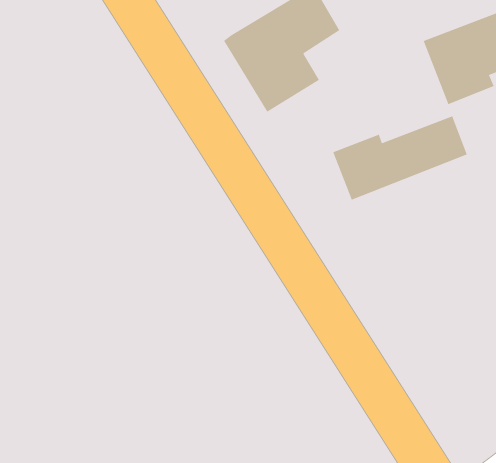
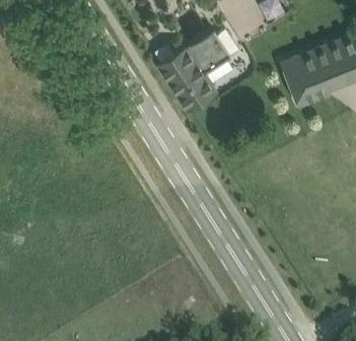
building: [333,116,468,200] -> none

